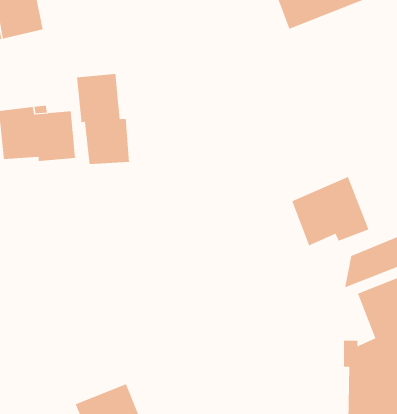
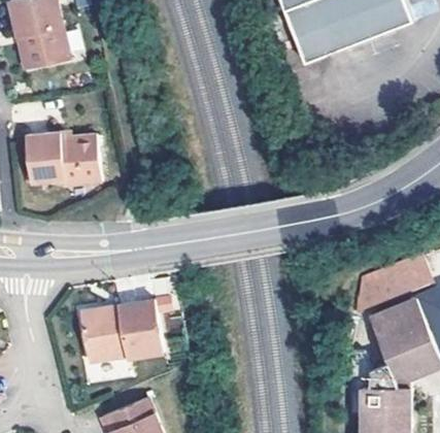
building: [77,73,129,165] -> none
building: [291,176,369,246] -> none
building: none -> [79,299,163,361]

